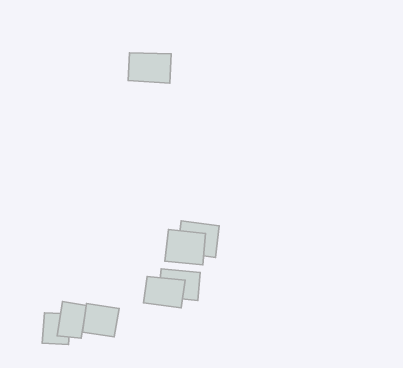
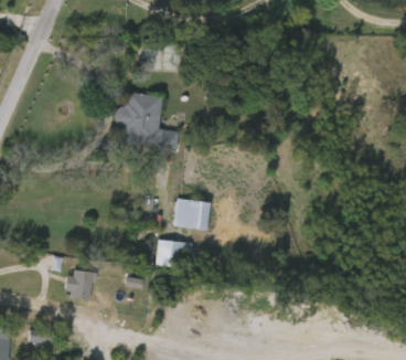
building: none -> [120,91,184,149]
building: [83,304,119,337] -> none

